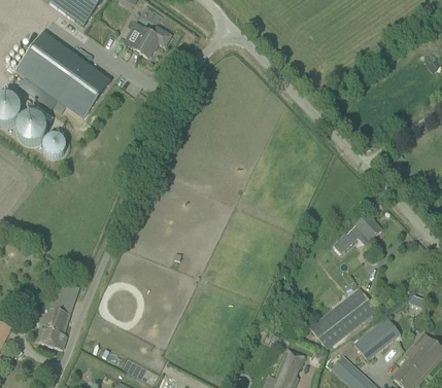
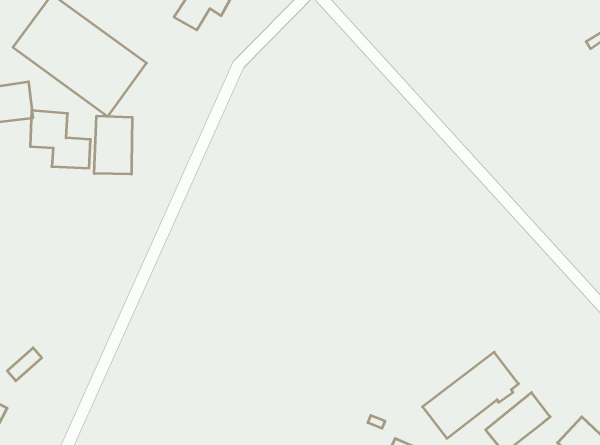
building: none -> [94,116,132,174]
building: [333,214,381,253] -> none
building: [36,281,78,349] -> none

